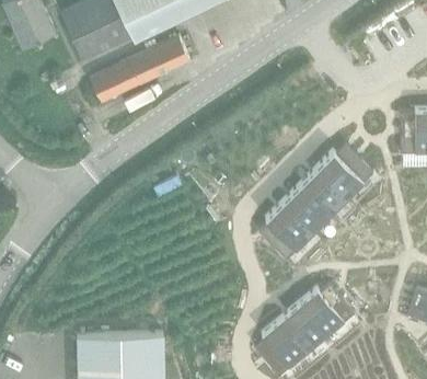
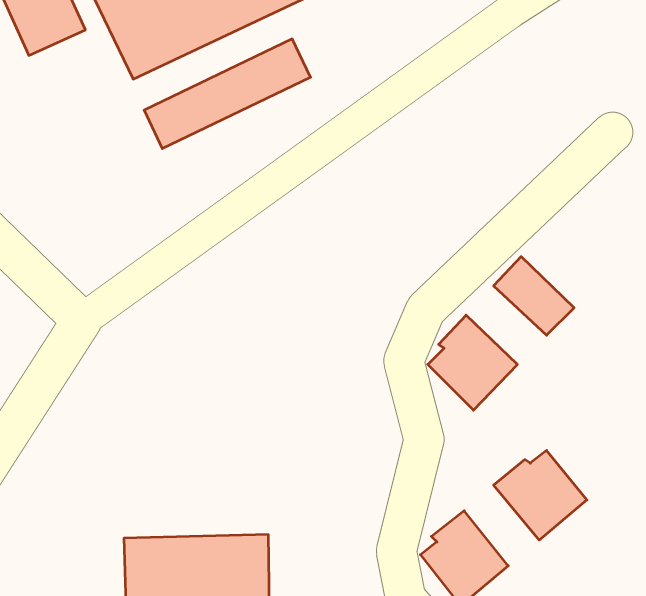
building: [315,146,372,200] -> none
building: [282,187,331,234] -> none
building: [281,307,326,355] -> none

